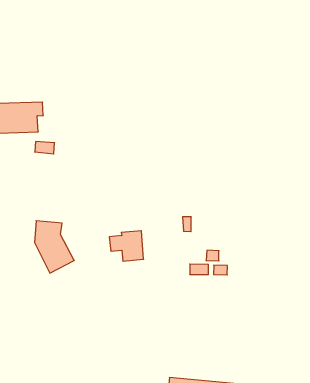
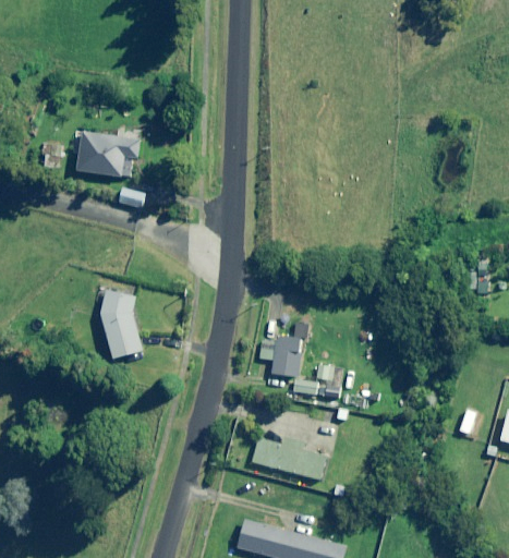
building: [109,231,144,261] -> [258,337,302,376]
building: none -> [253,439,327,481]

